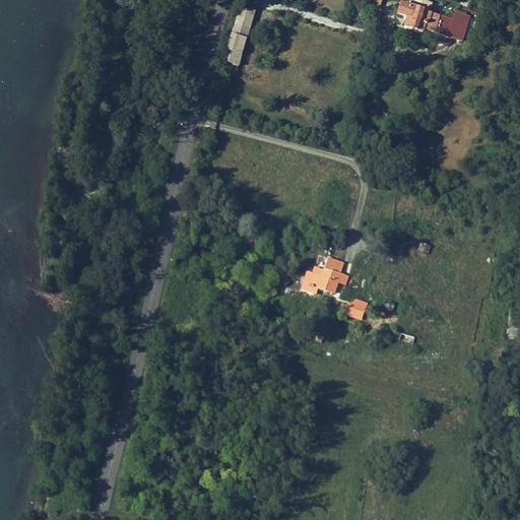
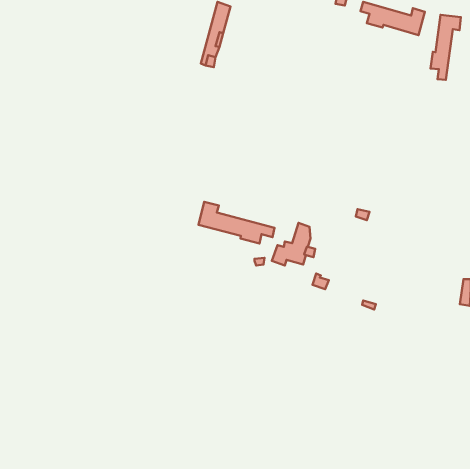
building: none -> [431,15,461,80]
building: none -> [199,202,275,244]

